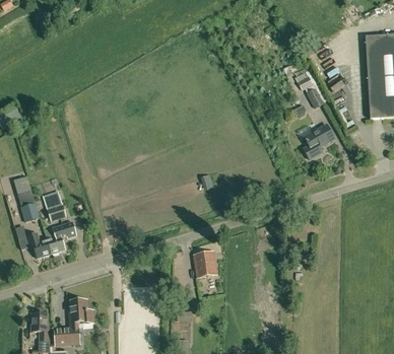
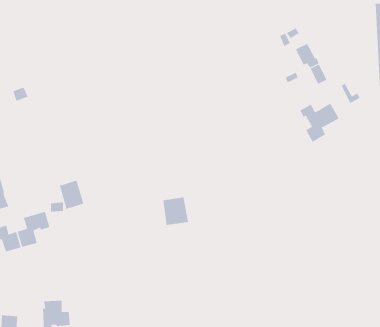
building: [45,195,67,221] -> [59,180,84,209]
building: [194,252,217,277] -> [163,197,189,225]

